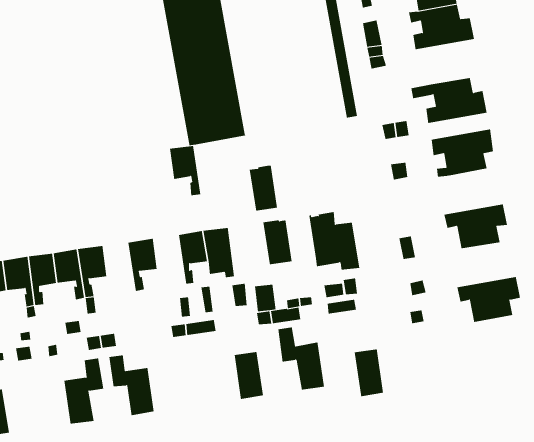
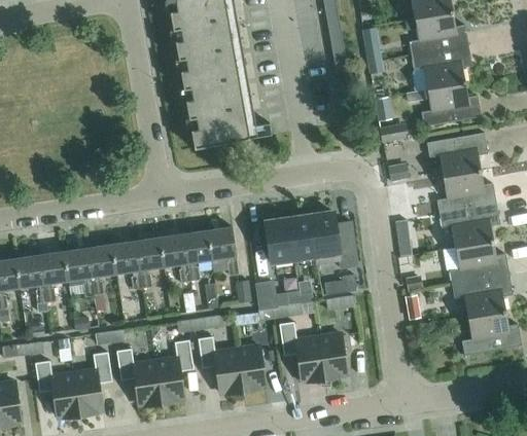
building: none -> [411,45,471,88]
building: [169,145,201,196] -> [160,233,190,282]
building: [249,165,278,211] -> [287,215,315,259]
building: none -> [436,170,496,214]
building: none -> [111,241,142,289]
building: none -> [449,241,508,284]
building: none -> [461,311,521,355]
building: none -> [198,336,243,395]
building: none -> [154,339,194,403]
building: [354,349,384,397] -> [318,333,347,379]
building: none -> [34,361,79,419]

